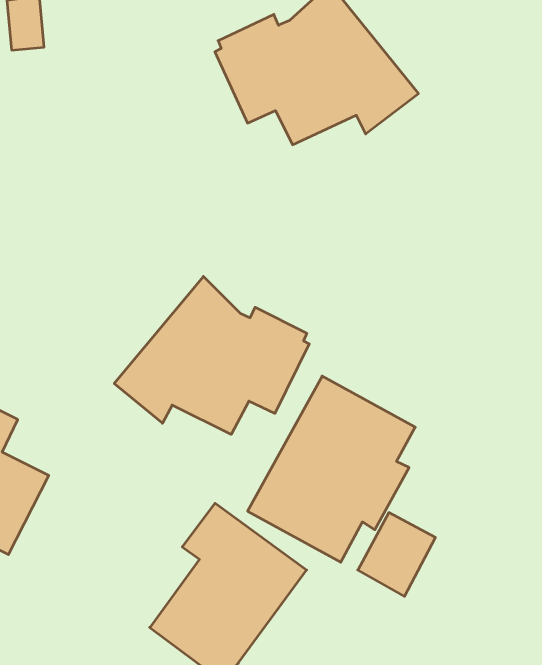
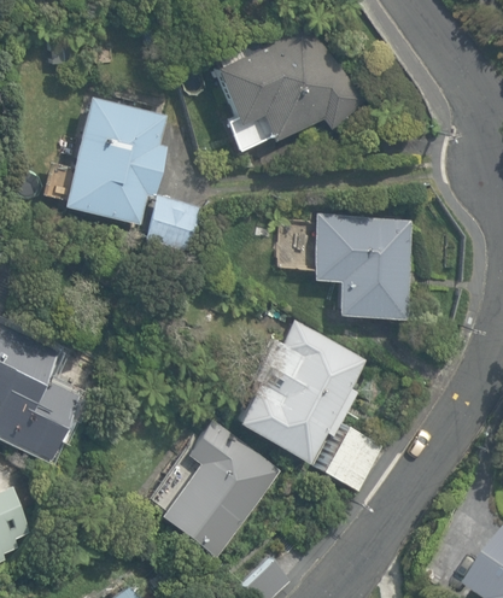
building: none -> [59,98,209,247]
building: none -> [311,215,414,319]
building: [114,276,309,434] -> none

